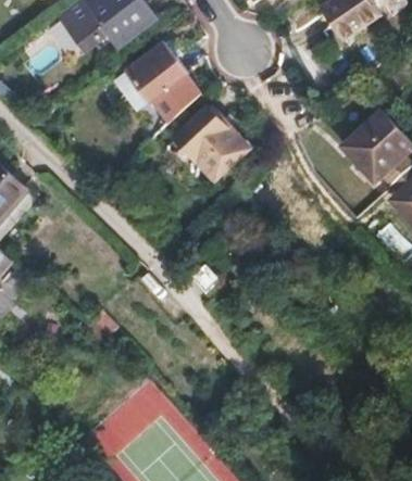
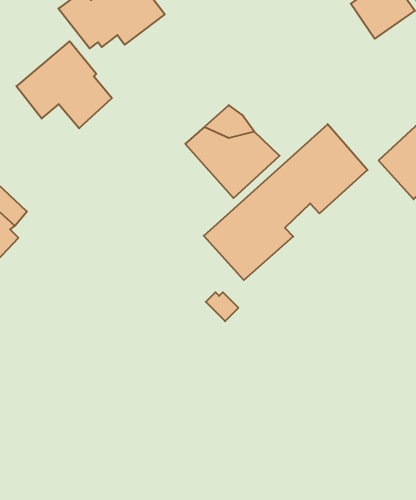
building: [112,43,198,122] -> [16,41,112,128]
building: none -> [204,124,368,280]

